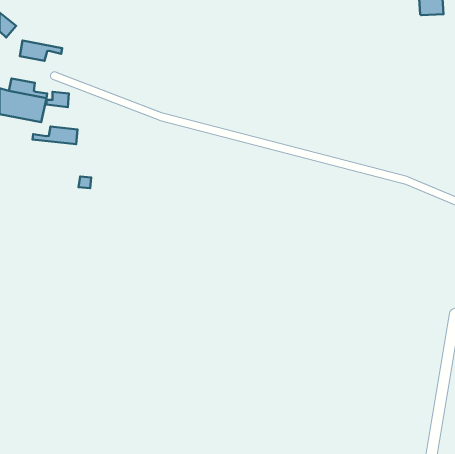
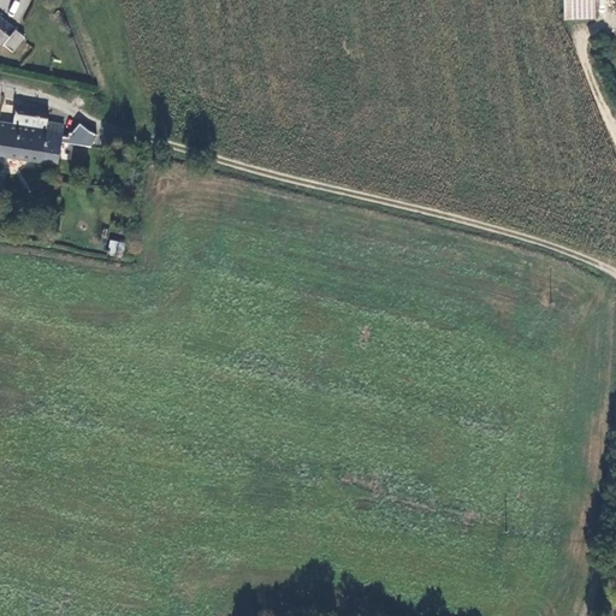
building: [20,41,62,61] -> none
building: [33,127,77,144] -> none

